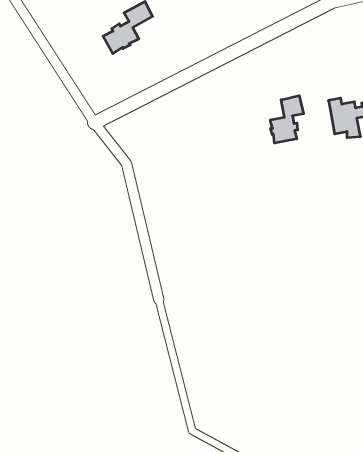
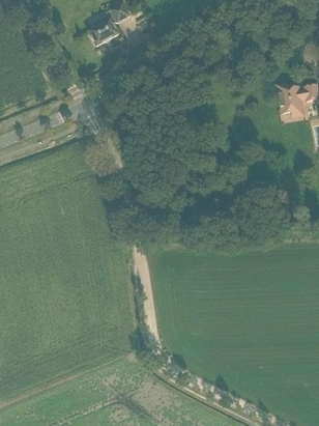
building: [270,96,304,143] -> none

